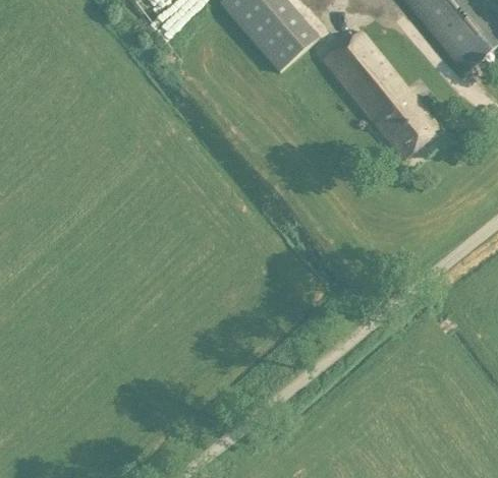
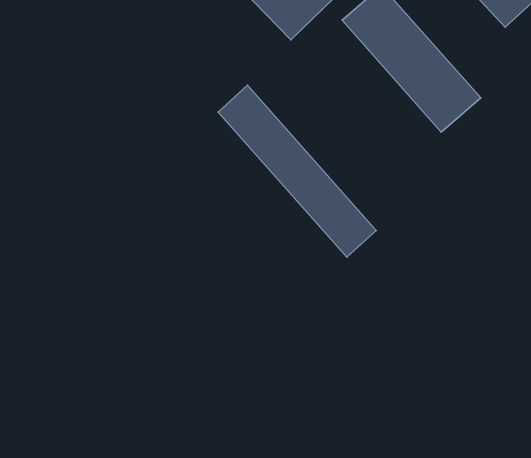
building: none -> [218,85,376,257]

